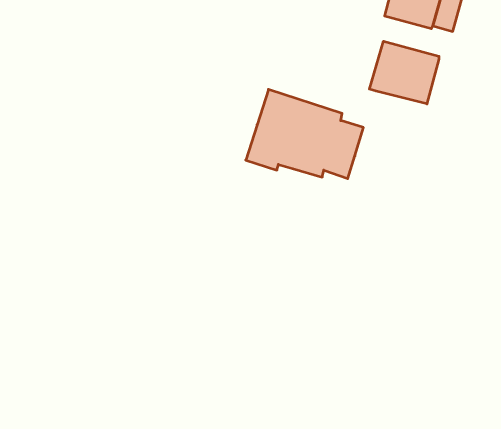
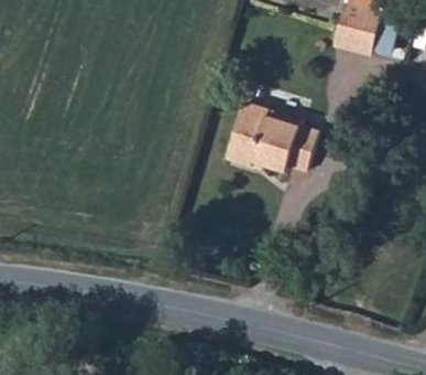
building: [369,41,439,104] -> none

